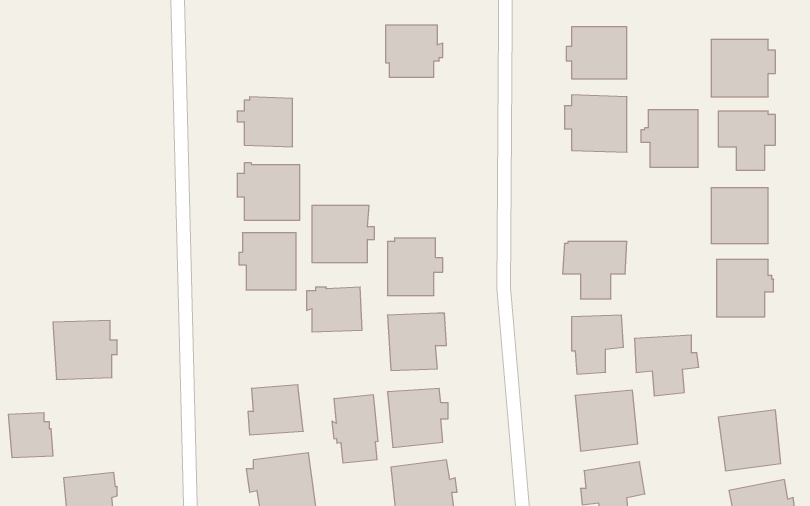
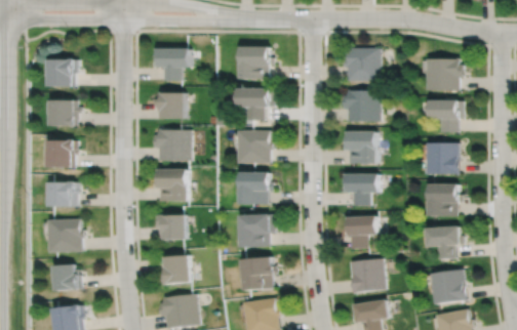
building: none -> [154,46,191,81]
building: none -> [49,56,78,87]
building: none -> [238,87,275,120]
building: [641,110,698,167] -> [342,130,374,163]
building: none -> [51,98,82,126]
building: none -> [48,138,78,167]
building: [312,205,374,263] -> [239,129,275,162]
building: none -> [50,180,80,207]
building: [307,287,362,332] -> [155,214,187,240]
building: [634,335,699,396] -> [427,225,464,260]
building: [332,395,378,463] -> none
building: [8,413,53,458] -> [55,264,81,290]

